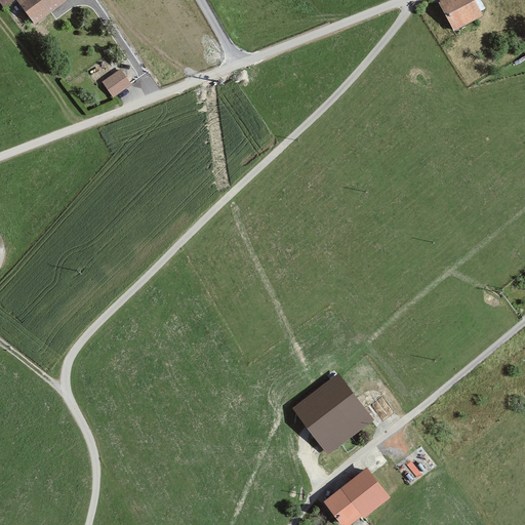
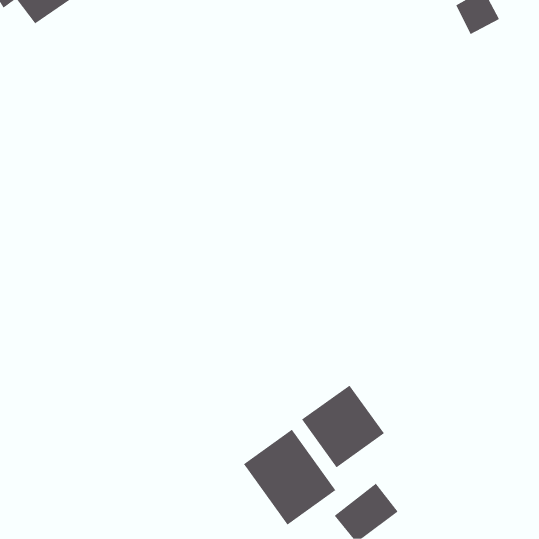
building: [102,70,131,98] -> none
building: none -> [243,429,336,526]

